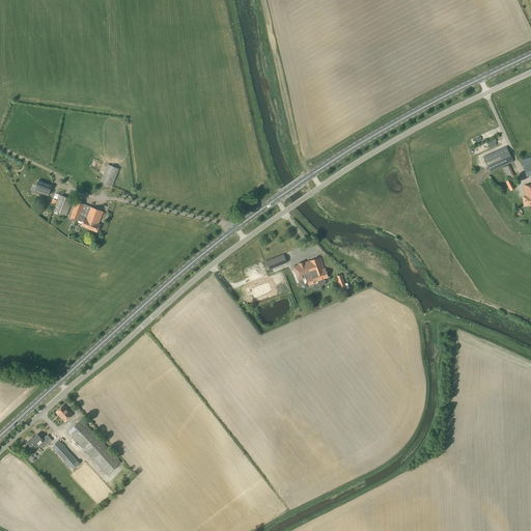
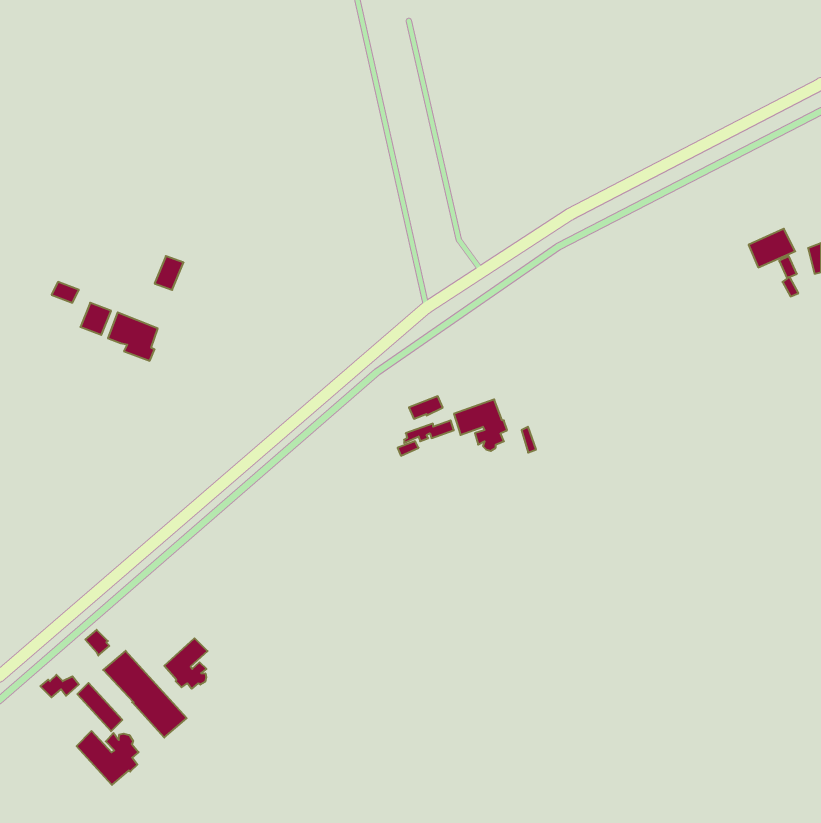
building: none -> [164,638,208,689]
building: none -> [77,731,139,785]

